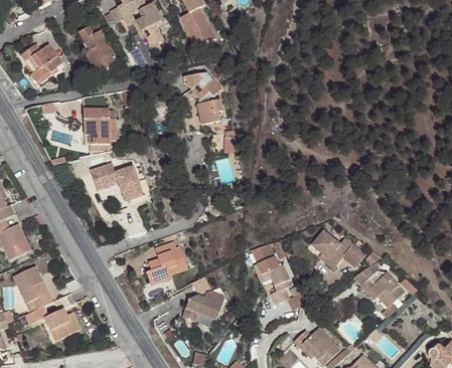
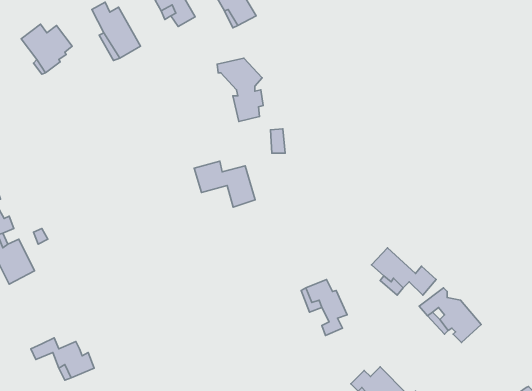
building: [84,109,116,145] -> none
building: [90,159,140,197] -> [194,161,255,207]
building: [147,241,188,283] -> none
building: [14,263,53,309] -> none
building: [181,288,224,326] -> none

